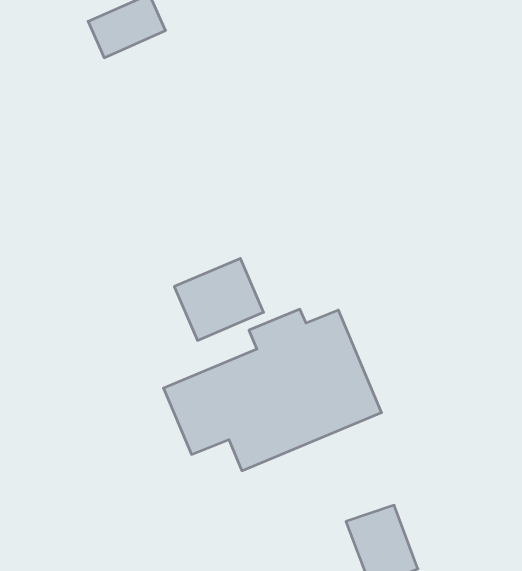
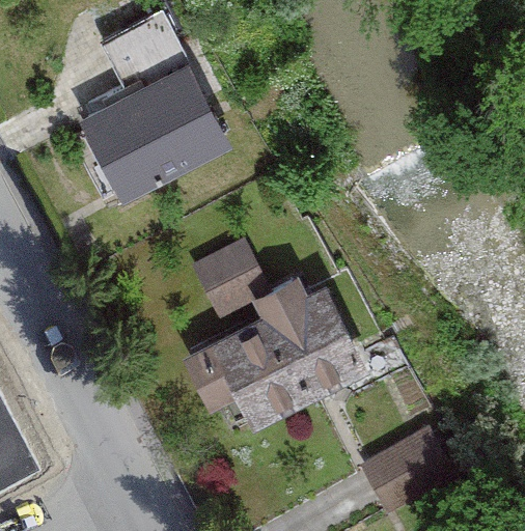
building: none -> [80,67,228,201]

